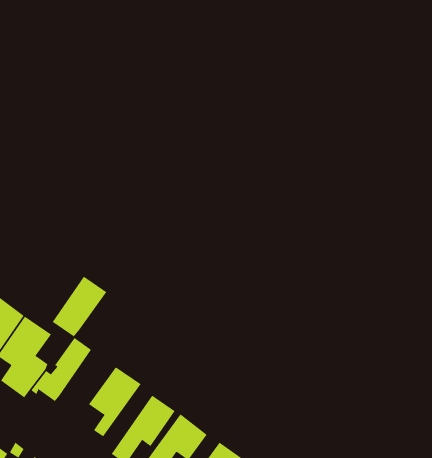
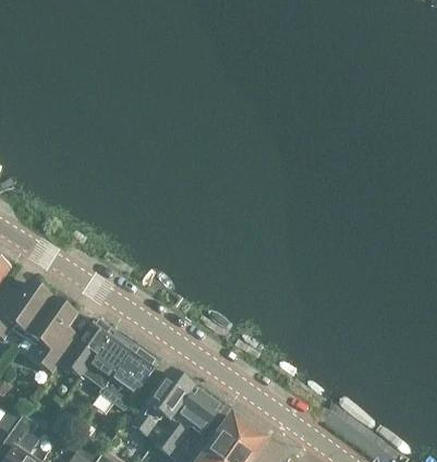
building: [52,276,107,337] -> [84,329,135,386]

